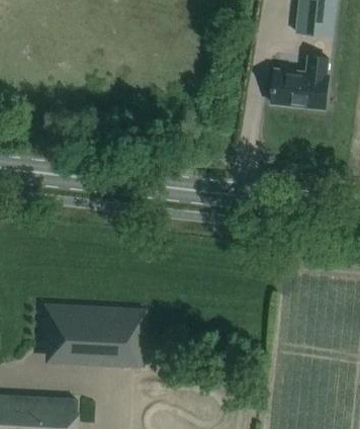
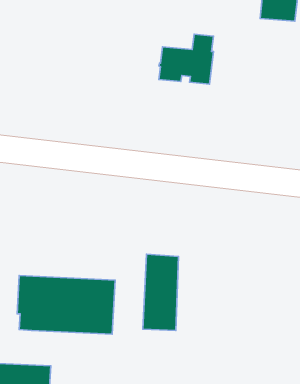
building: [270,55,328,107] -> [159,34,213,84]
building: none -> [143,254,179,330]

